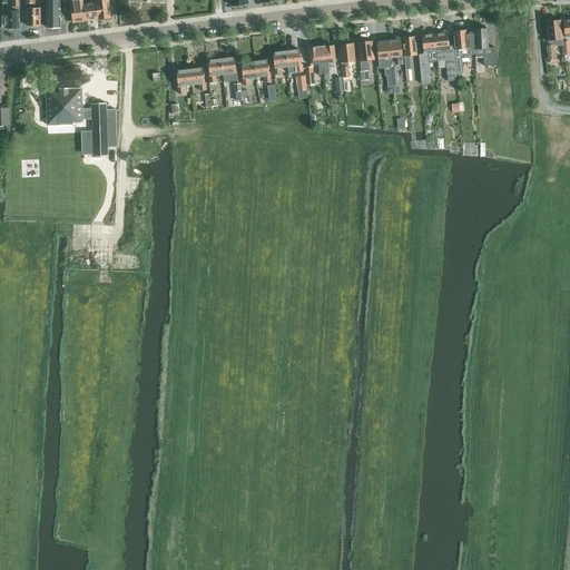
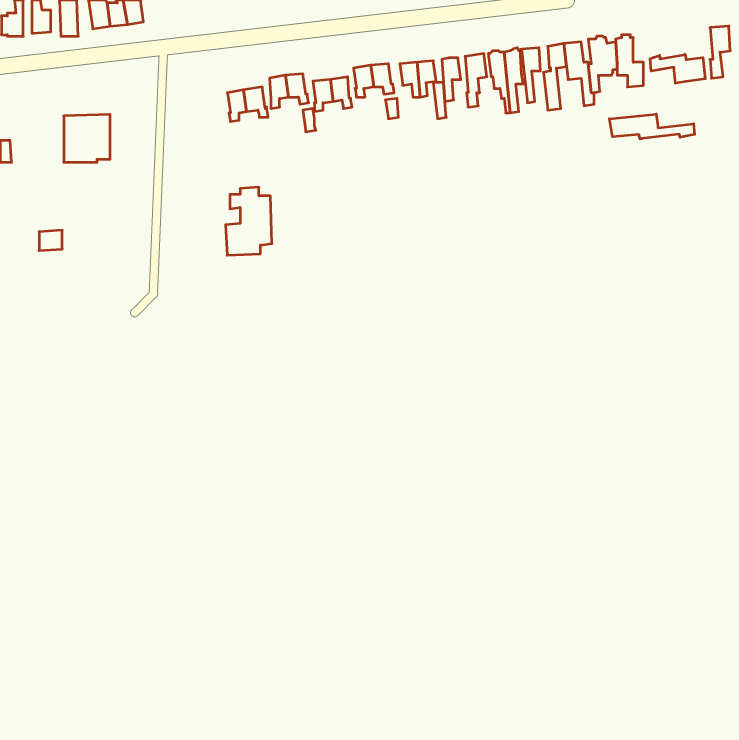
building: none -> [650,54,705,83]
building: none -> [609,114,695,139]
building: [82,104,118,156] -> [226,187,272,255]

